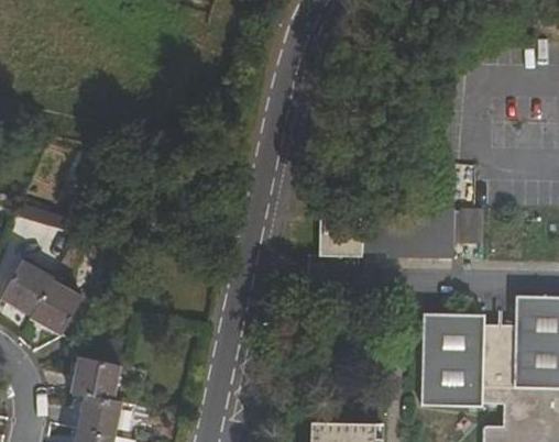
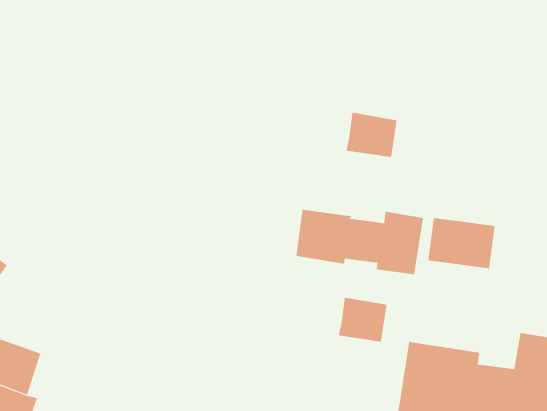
building: none -> [346,112,397,158]
building: none -> [338,297,387,342]

